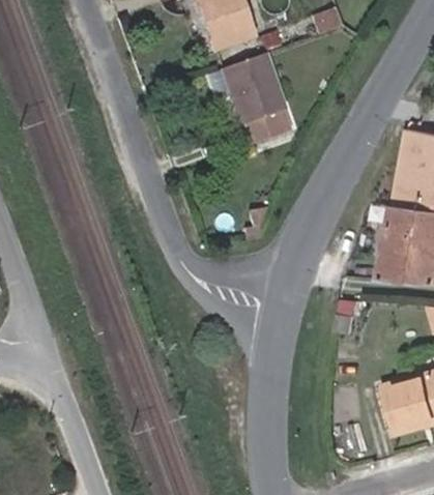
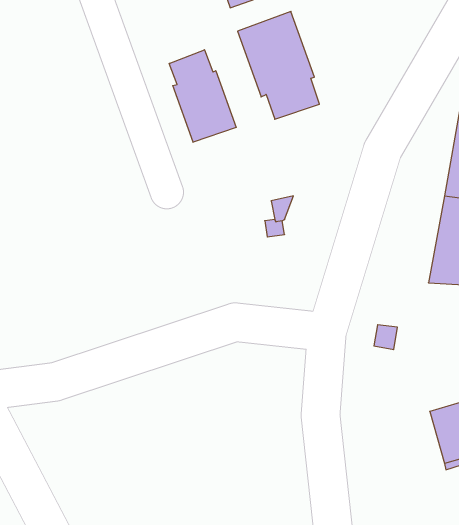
building: none -> [169,50,236,142]

